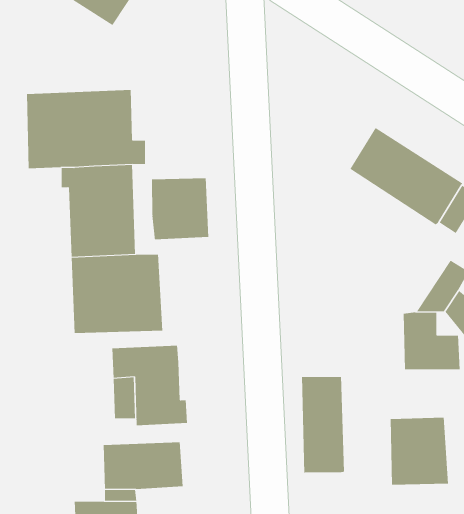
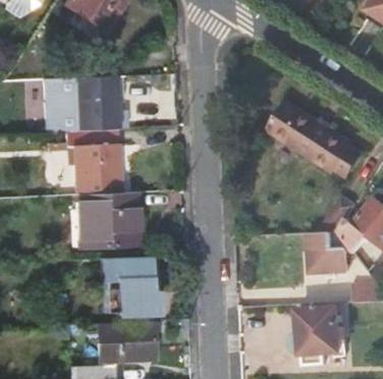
building: [152,177,209,240] -> none
building: [301,376,345,474] -> none

